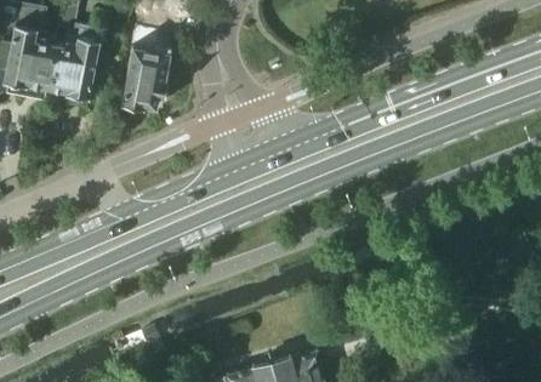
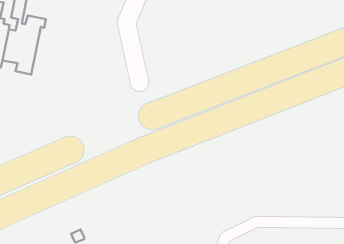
building: [121,42,171,115] -> none

